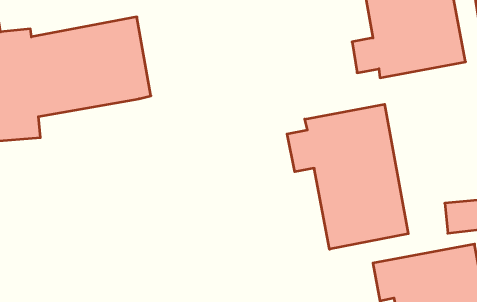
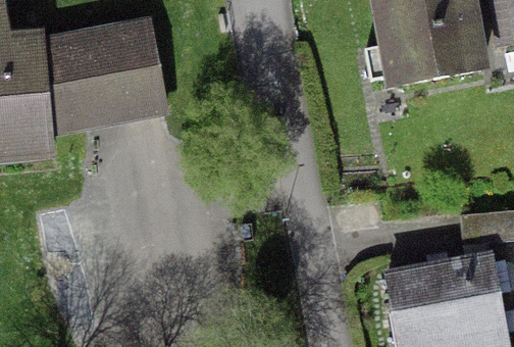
building: [287,104,408,249] -> none

